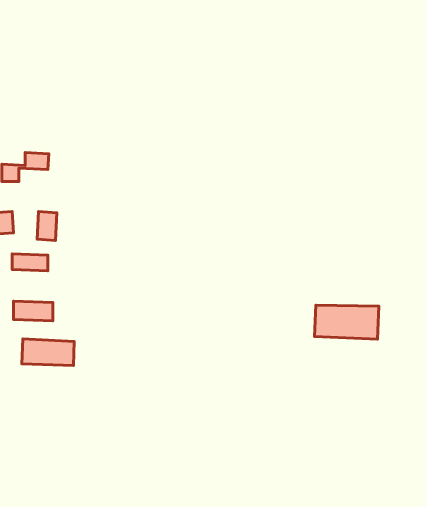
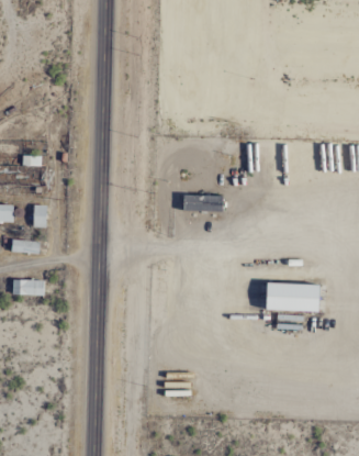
building: none -> [182,194,224,212]
building: [22,339,74,365] -> none

